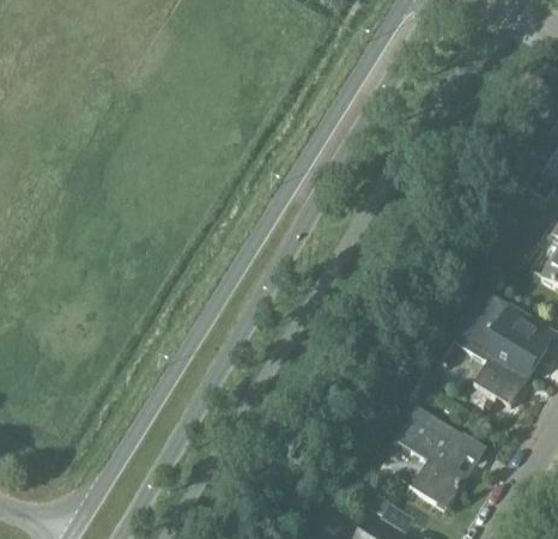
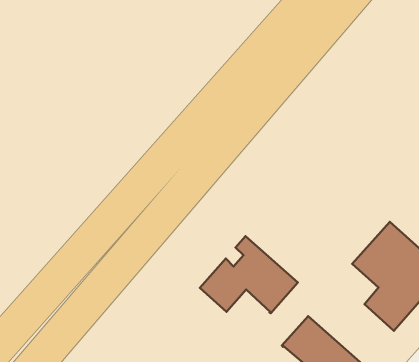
building: none -> [200,236,298,313]

